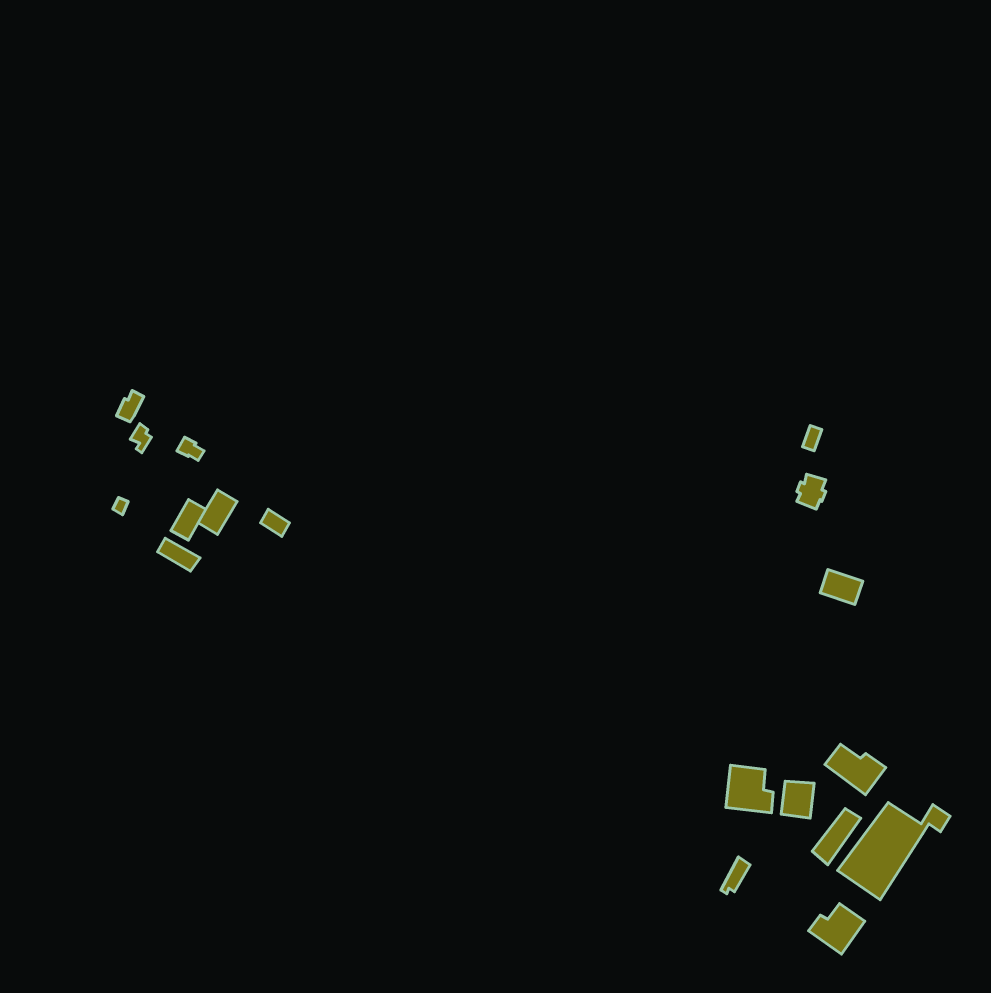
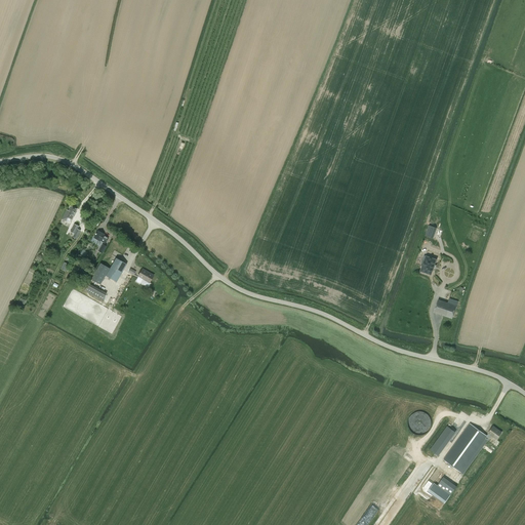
building: [825,744,886,795] -> none
building: [726,765,773,813] -> none

